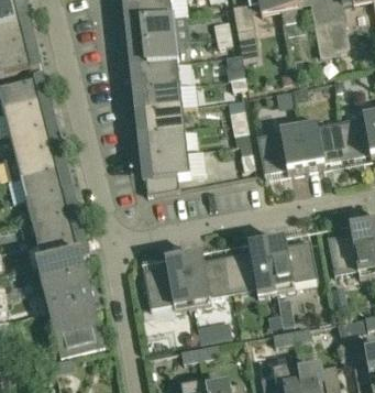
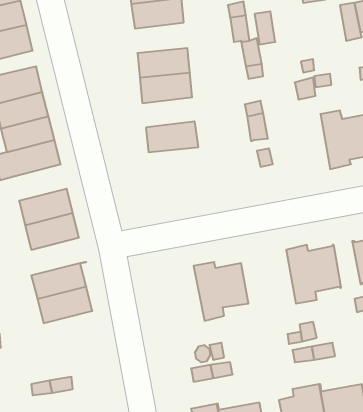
building: [130,37,177,65] -> none
building: [136,105,184,132] -> none
building: [255,120,306,173] -> none
building: [142,150,189,193] -> none
building: [20,165,68,198] -> none
building: [36,231,85,265] -> none
building: [225,242,275,294] -> none
building: [142,256,192,309] -> none
building: [47,297,102,353] -> none

